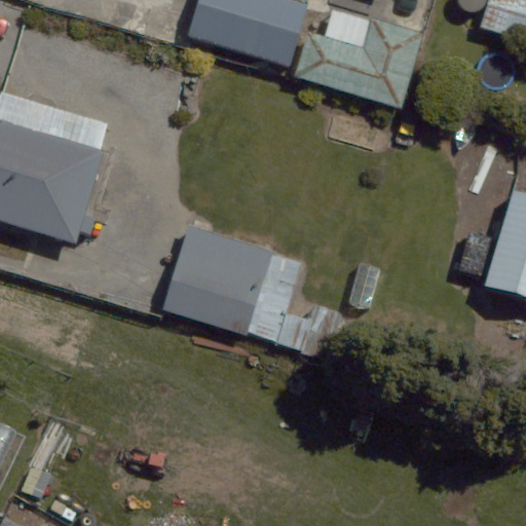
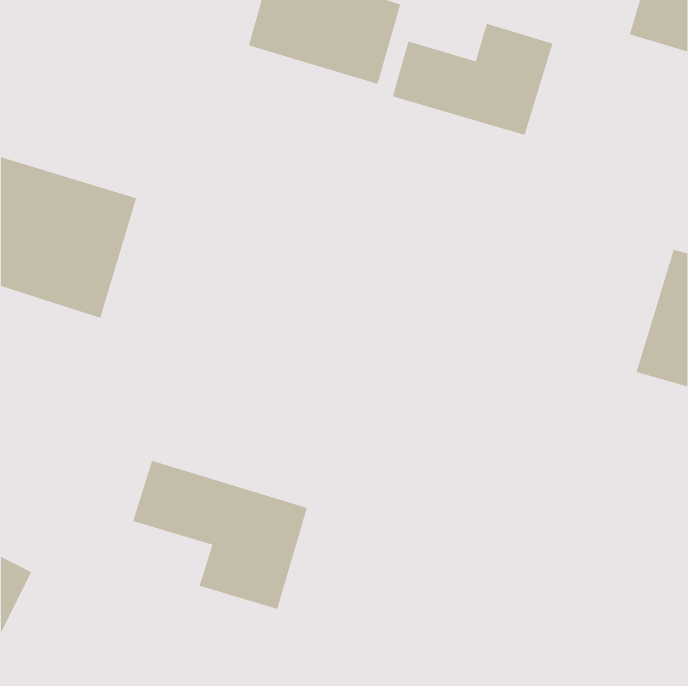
building: [162,225,271,335] -> none
building: none -> [132,460,308,610]

